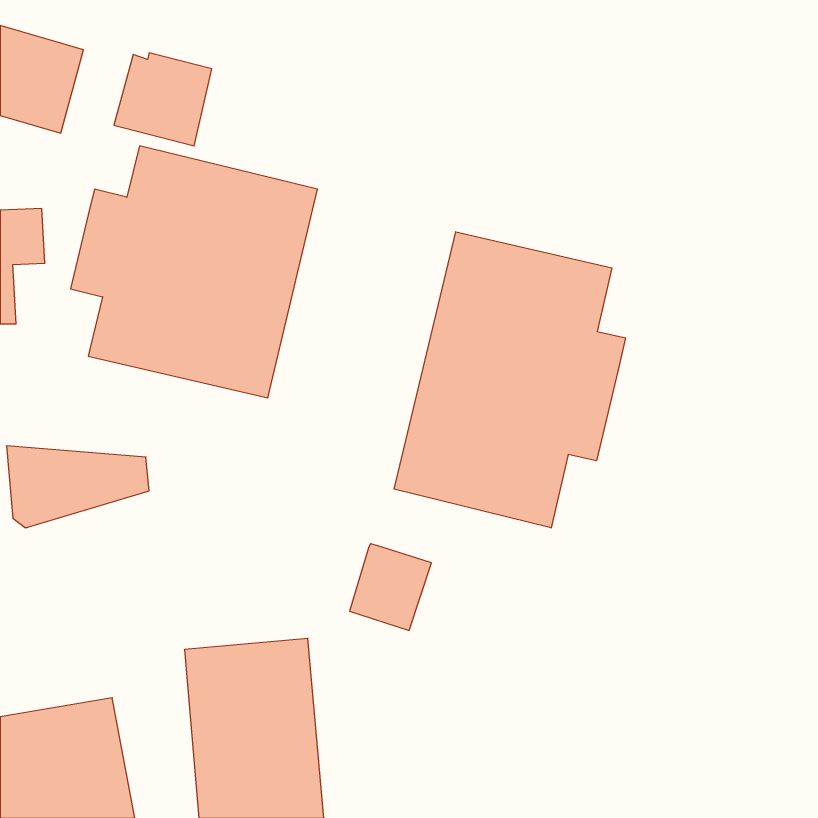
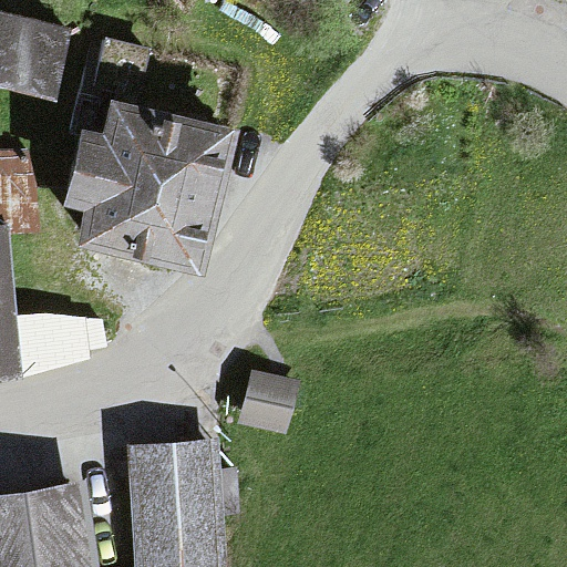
building: [394,232,626,528] -> none

